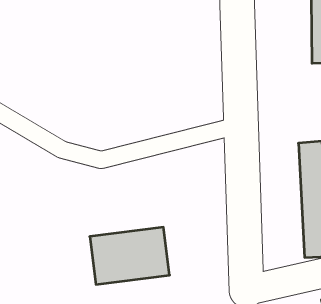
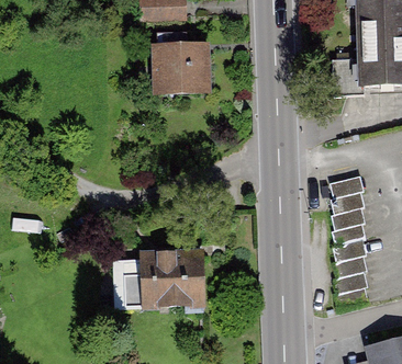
building: none -> [148,47,205,103]

